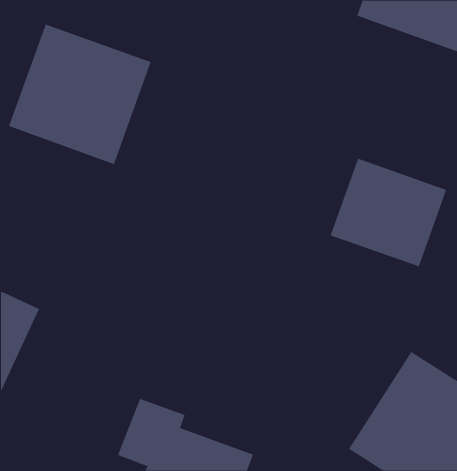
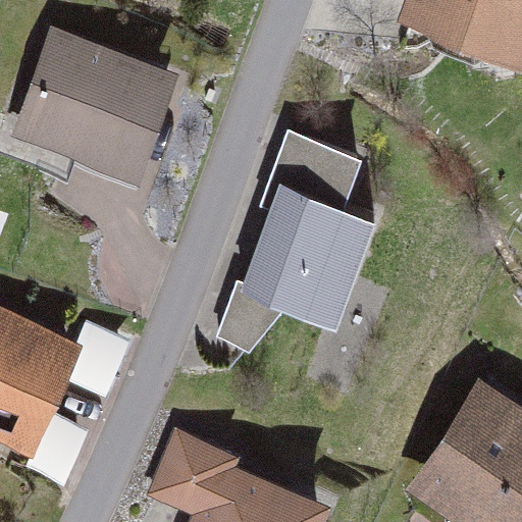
building: none -> [224,144,377,338]
building: [330,158,447,267] -> none

